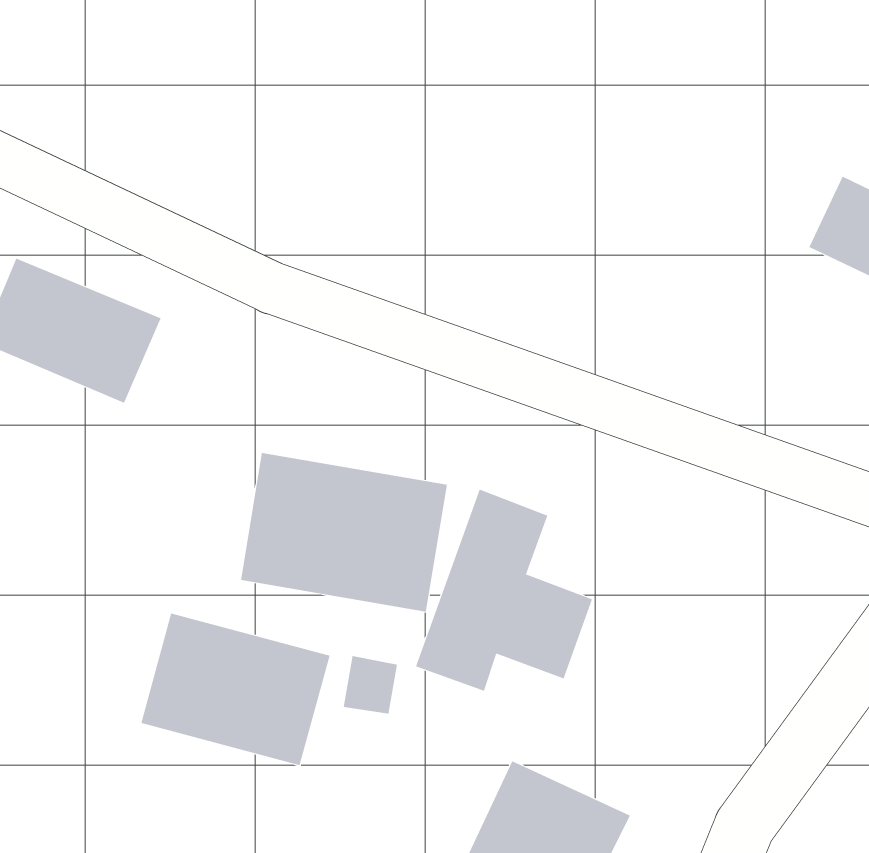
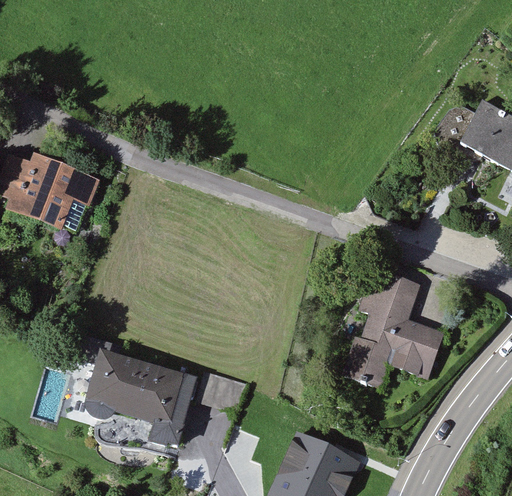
building: [240,452,447,612] -> none
building: [415,489,593,692] -> [342,274,442,388]

